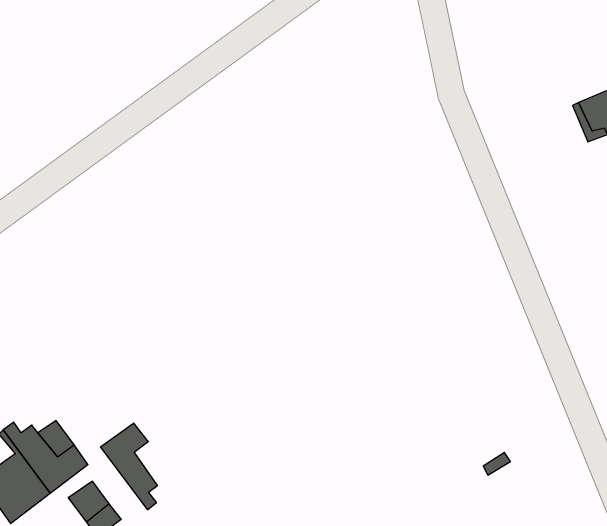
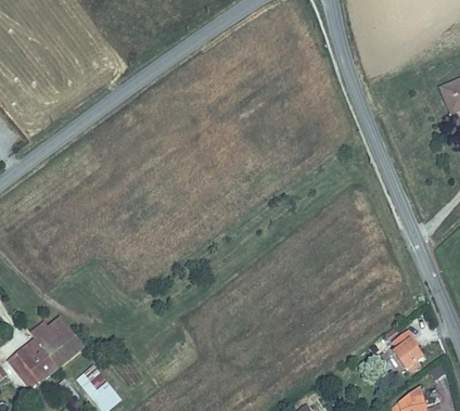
building: [101,423,157,510] -> none
building: none -> [394,330,424,369]

